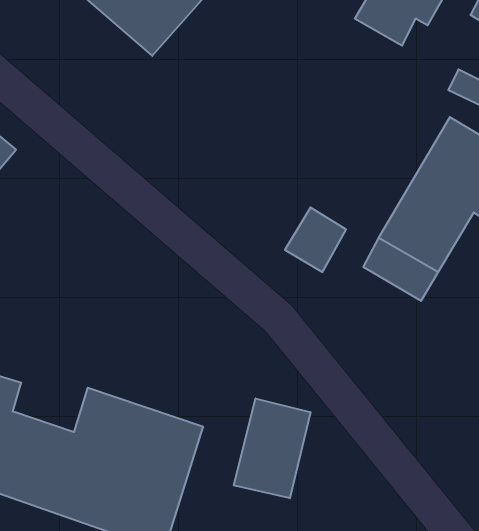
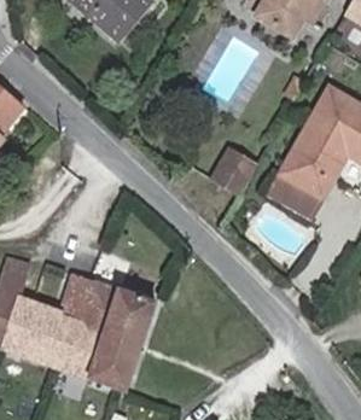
building: [234,398,310,498] -> none

